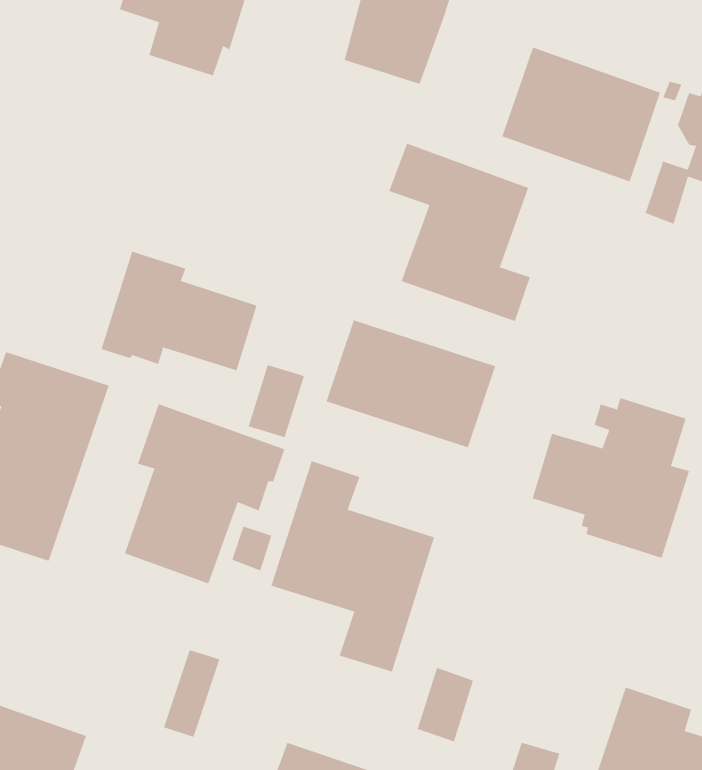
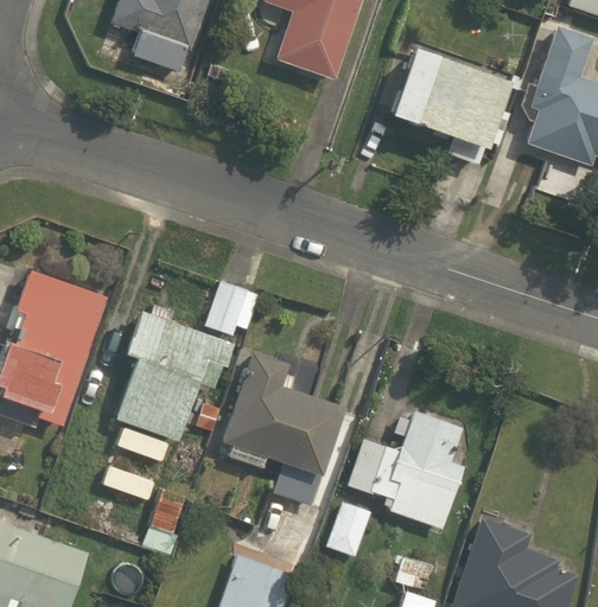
building: [389,143,531,322] -> none
building: [101,251,257,371] -> none
building: [326,320,496,448] -> none
building: [532,397,690,559] -> [350,411,465,529]

